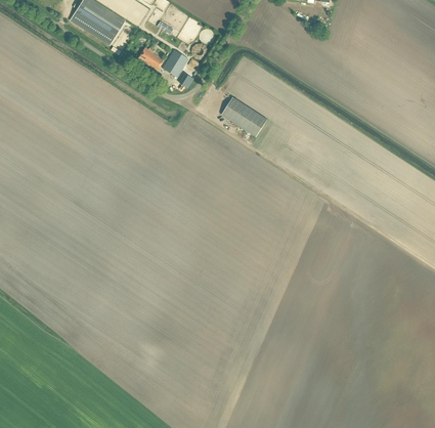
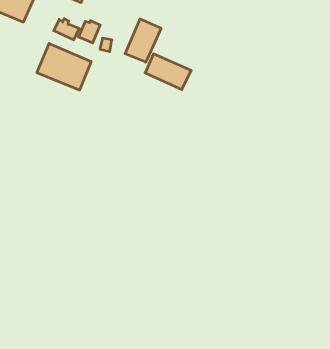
building: none -> [125,19,161,62]
building: none -> [37,43,91,90]

